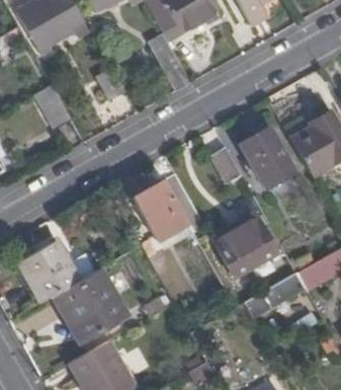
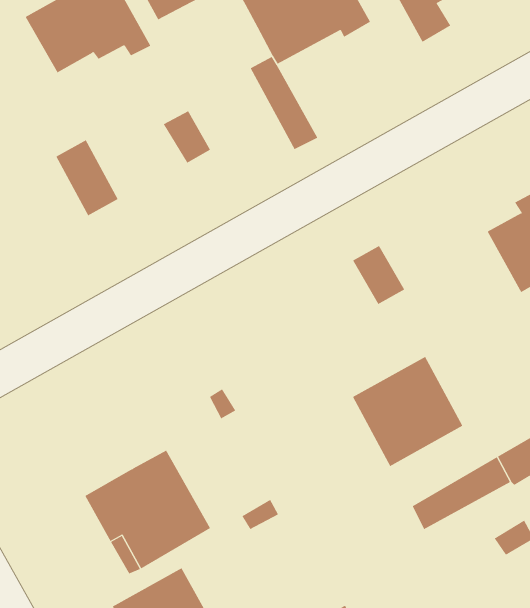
building: [238,125,294,188] -> none
building: [130,172,204,252] -> none
building: [18,241,80,303] -> none

